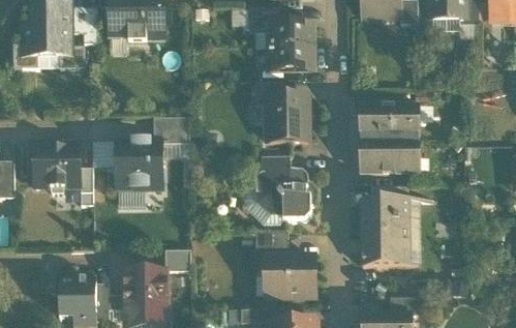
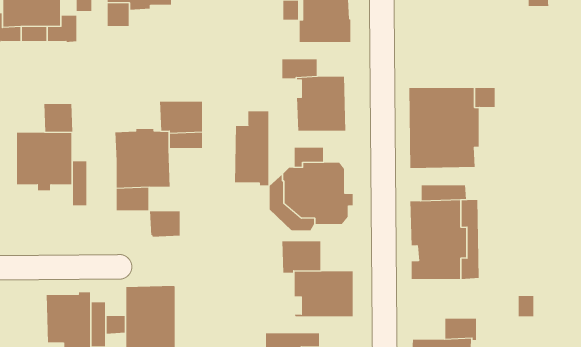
building: none -> [235,110,269,186]
building: [92,144,117,168] -> [43,104,73,132]
building: [164,250,190,272] -> [149,211,180,237]

